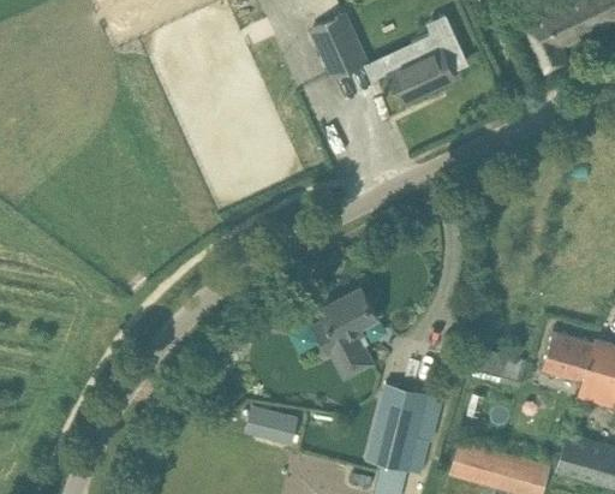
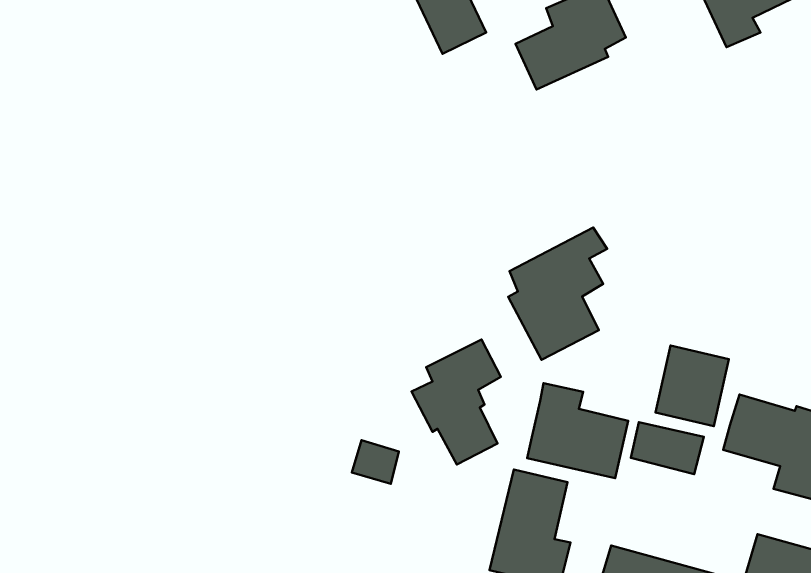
building: none -> [508,228,607,360]
building: none -> [655,346,729,426]
building: none -> [527,383,628,478]
building: [247,405,282,438] -> [352,440,399,484]

